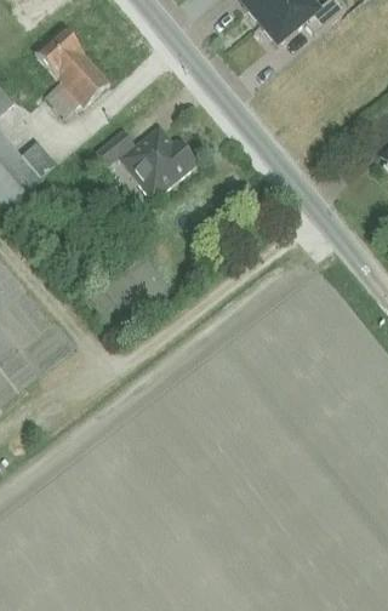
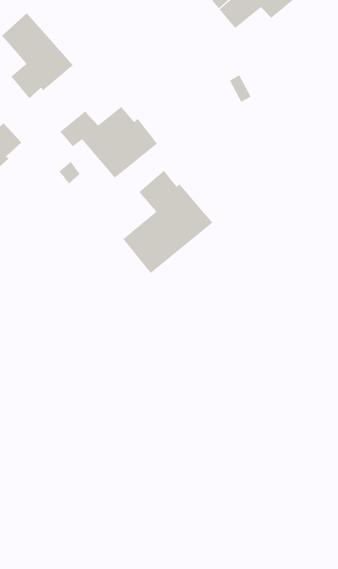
building: none -> [123,170,213,274]

